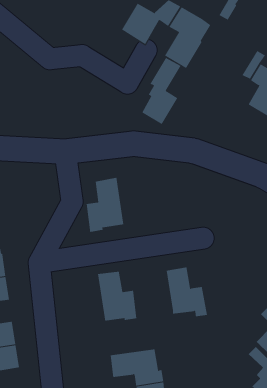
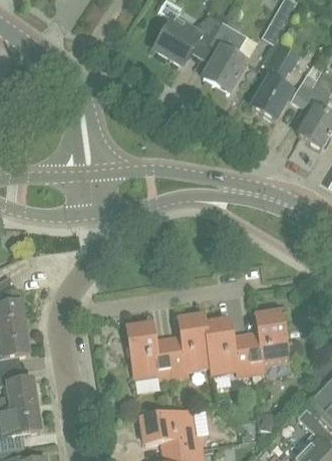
building: [142,57,182,125] -> [252,44,297,121]
building: [86,177,124,232] -> [170,312,213,375]
building: none -> [247,308,291,371]

